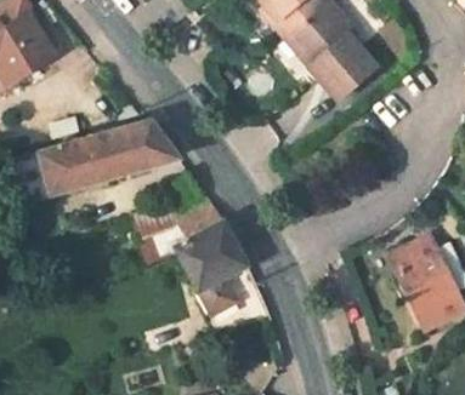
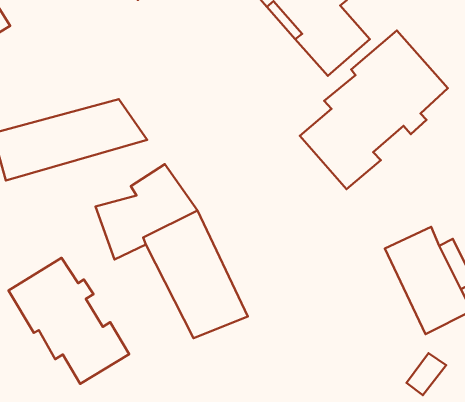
building: none -> [300,31,448,189]
building: none -> [9,258,129,384]

